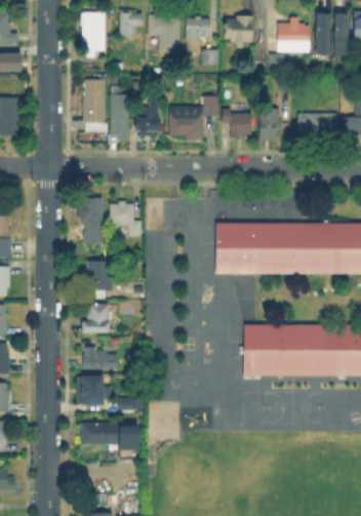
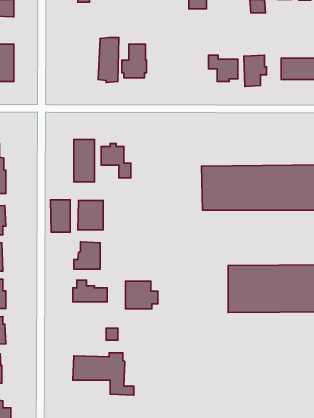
building: [83,79,108,131] -> none
building: [170,97,219,141] -> none
building: none -> [50,200,70,232]
building: [75,373,109,402] -> [125,281,158,309]

